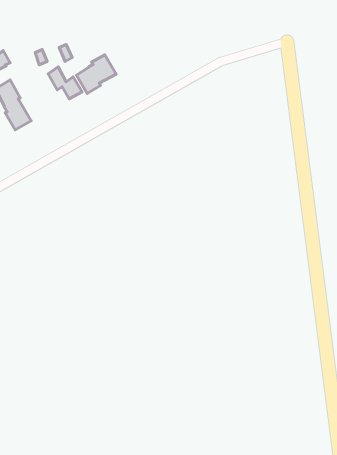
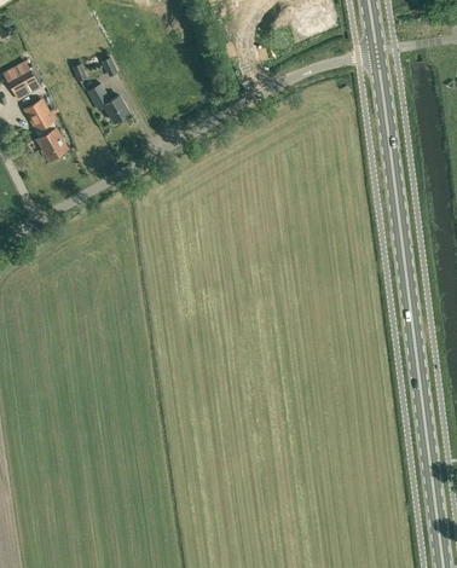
building: [77,55,116,94] -> none

